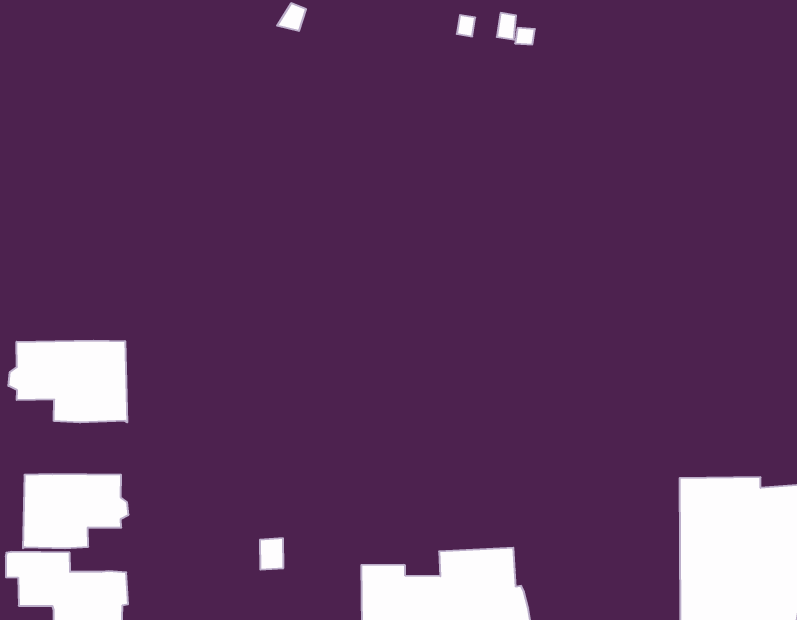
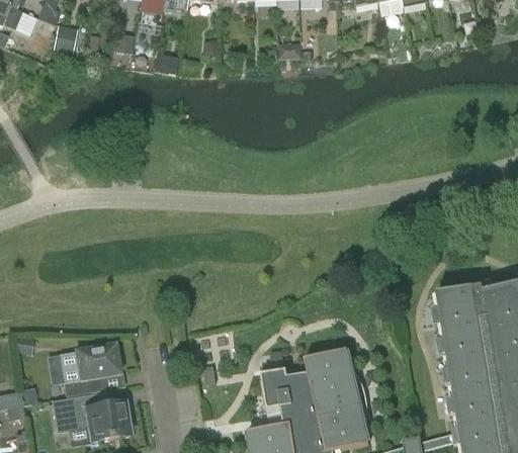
building: [8,341,127,423] -> none

